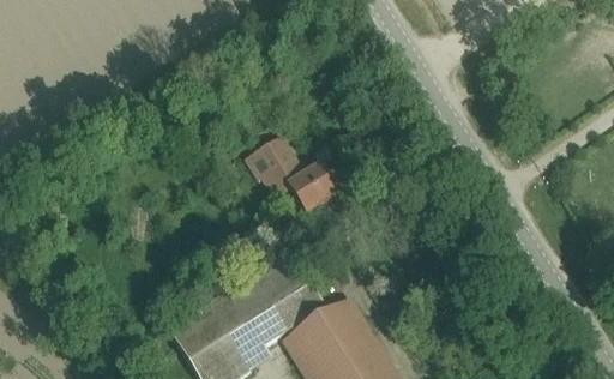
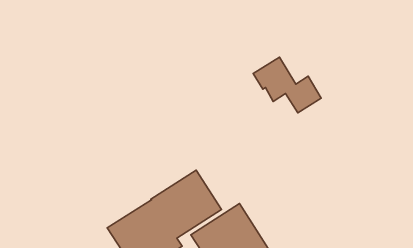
building: [245,136,338,212] -> [253,57,321,113]

